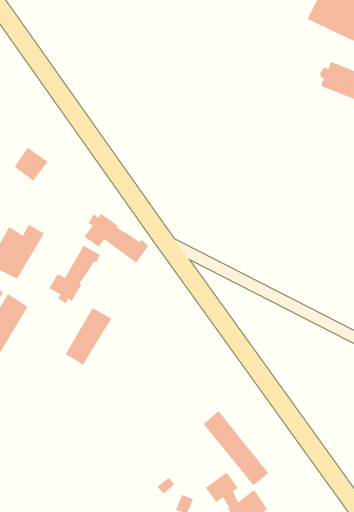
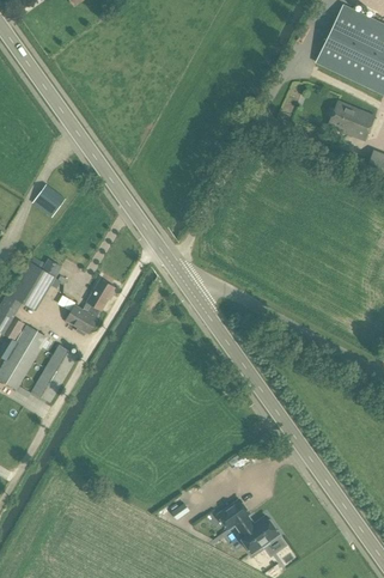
building: [84,213,149,263] -> none
building: [65,307,112,365] -> [32,346,78,402]
building: [203,410,269,486] -> none

